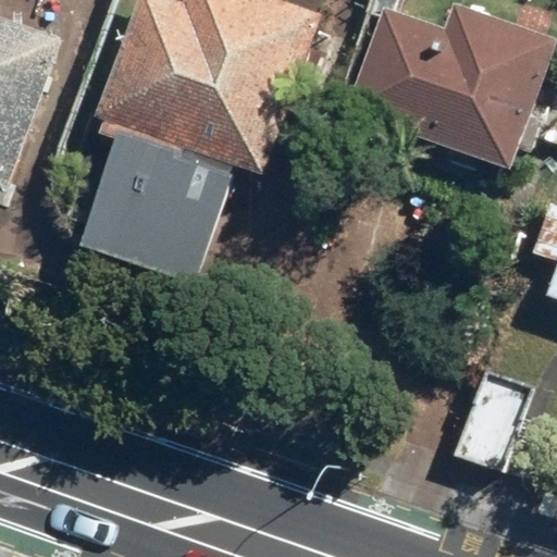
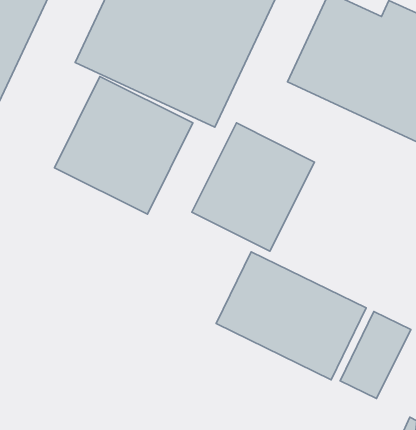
building: none -> [192,123,314,251]
building: none -> [216,252,366,380]

